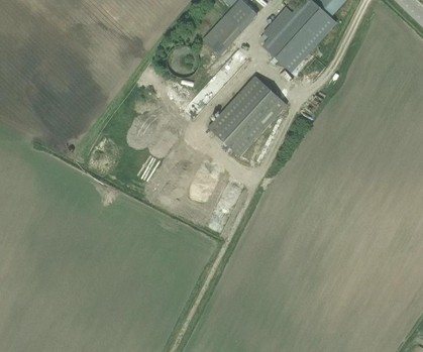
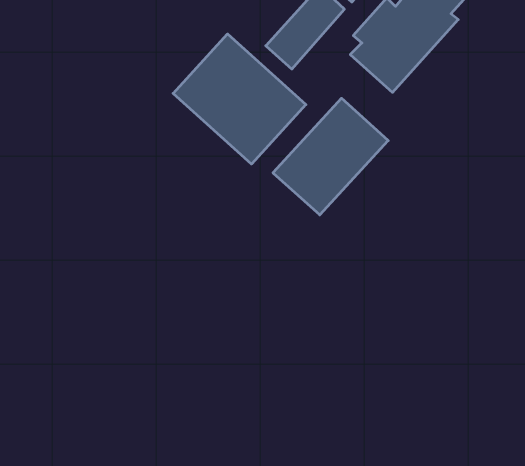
building: none -> [173,34,306,164]

